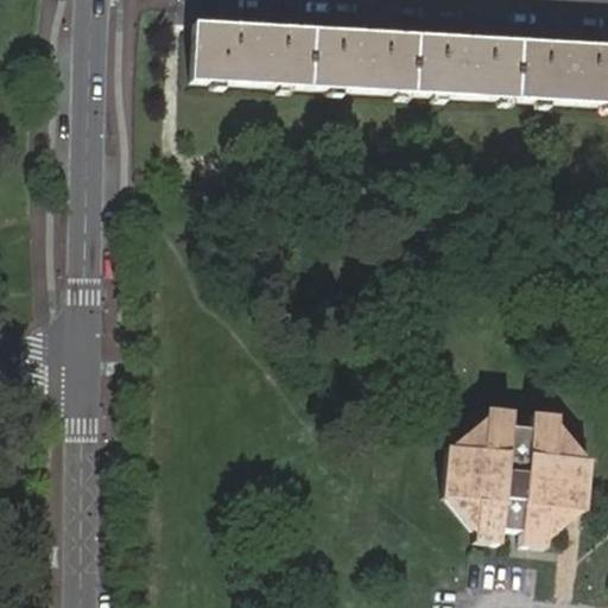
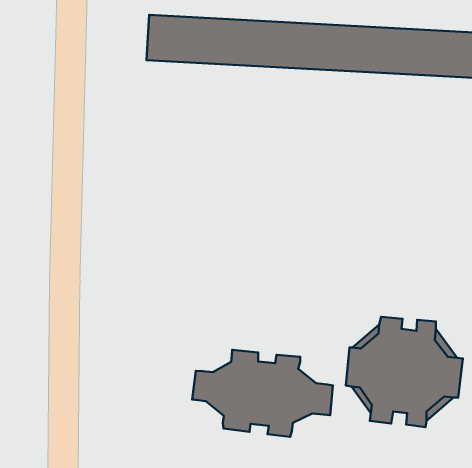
building: none -> [192,350,333,437]

